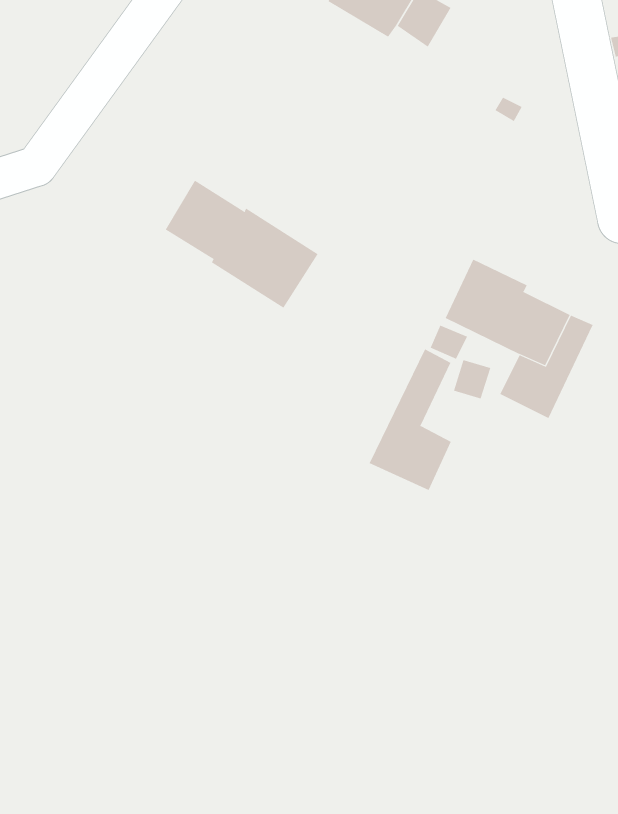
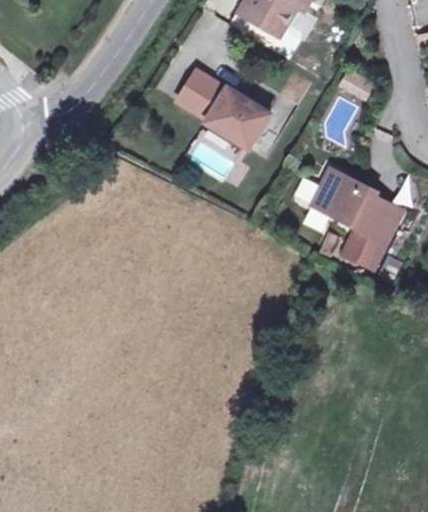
building: [165,180,319,309] -> [177,71,271,149]
building: [369,349,452,491] -> none

